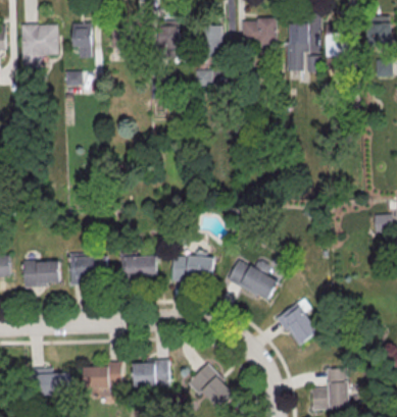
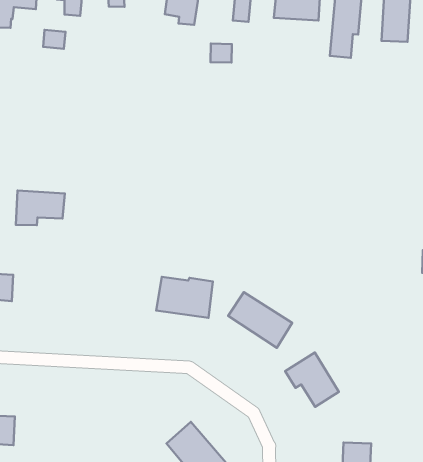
building: [119,257,157,284] -> none
building: [69,258,106,285] -> [16,191,65,225]
building: [133,359,169,385] -> none
building: [83,360,121,388] -> none

